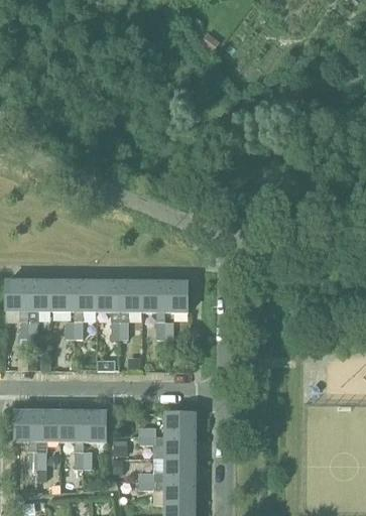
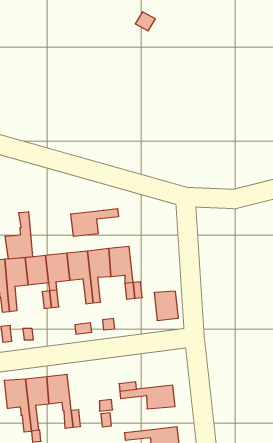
building: none -> [5,212,32,259]
building: none -> [71,208,119,236]
building: [165,280,189,310] -> [154,291,178,320]
building: [84,410,107,439] -> none
building: [166,411,196,434] -> none
building: [138,457,196,480] -> none

